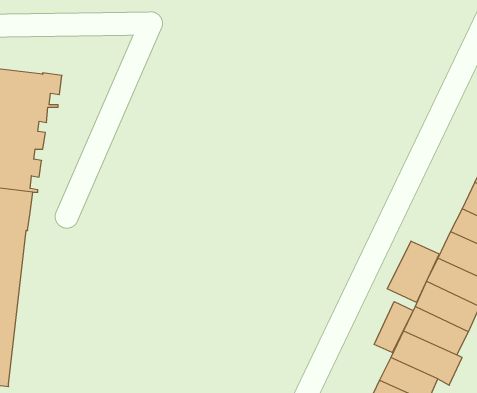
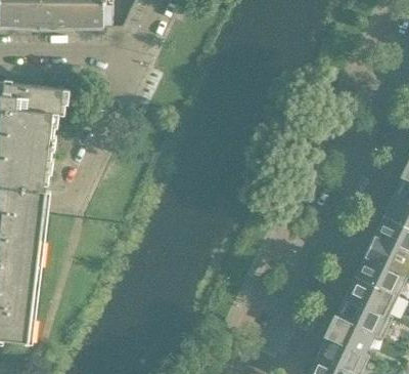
building: [387,241,439,302] -> none
building: [374,302,413,353] -> none

